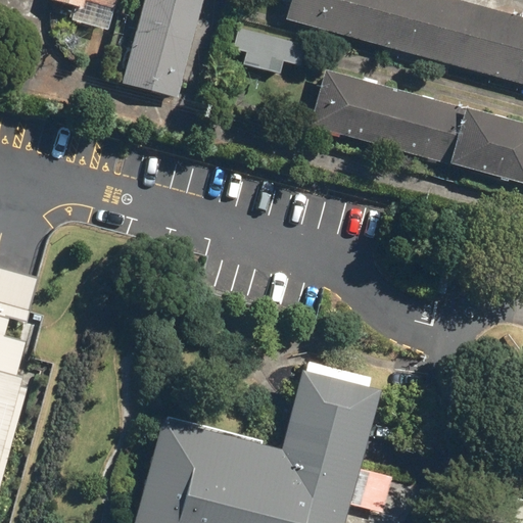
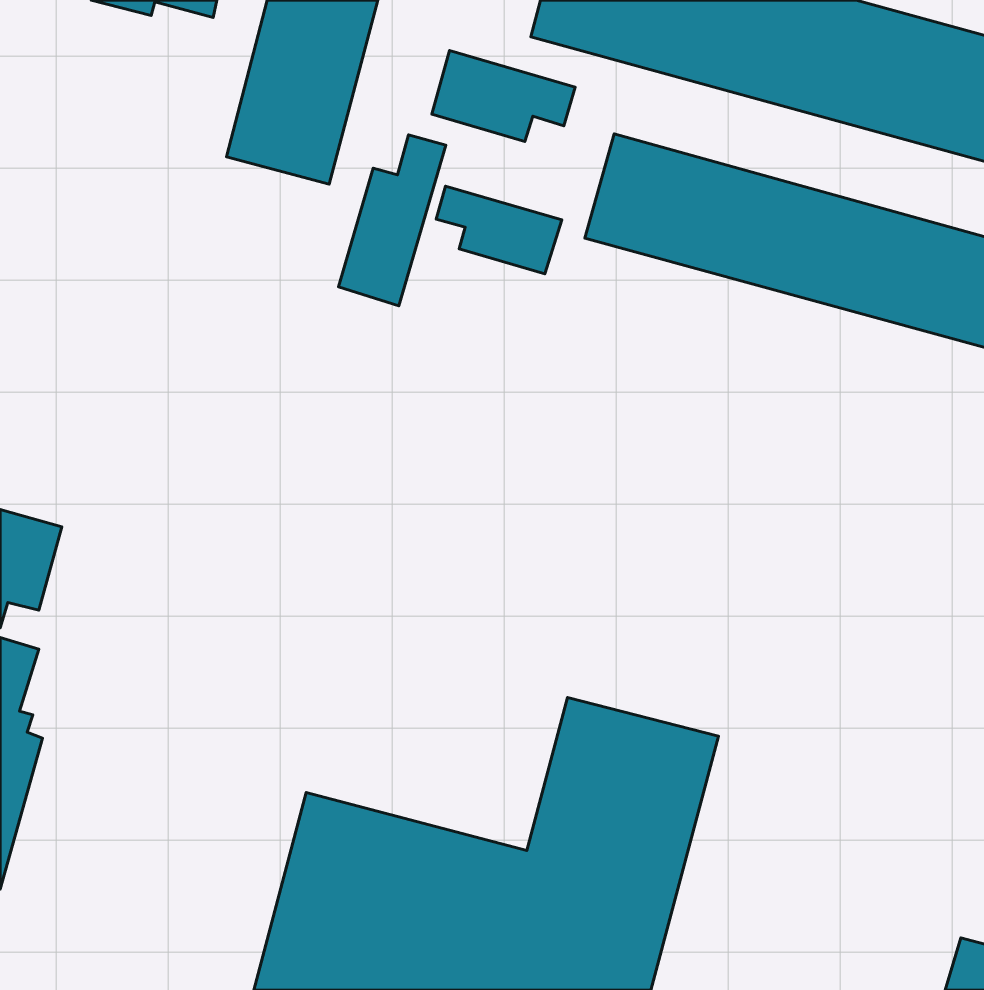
building: none -> [339,135,446,306]
building: none -> [436,186,562,274]

